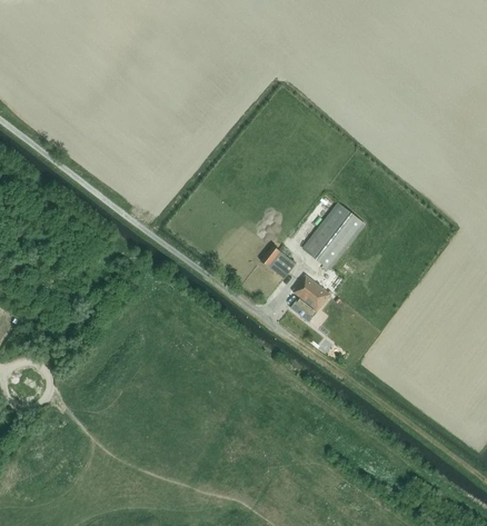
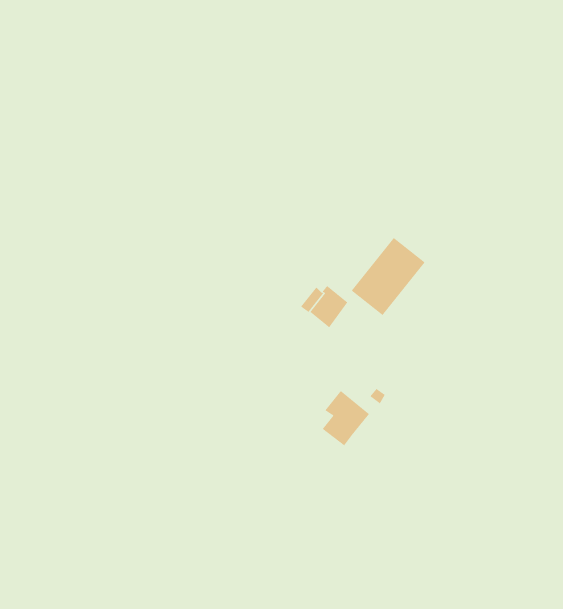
building: [289,275,329,321] -> [322,390,370,446]

